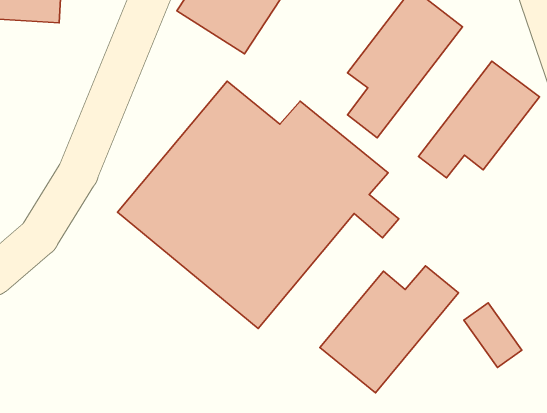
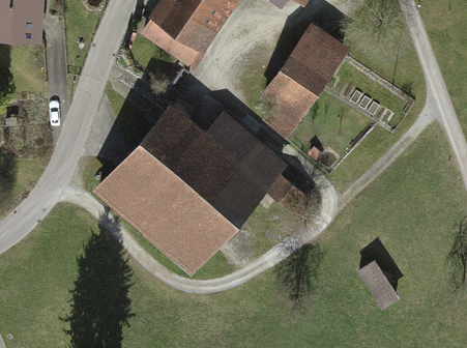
building: [419,61,540,178] -> none
building: [320,266,458,393] -> none

